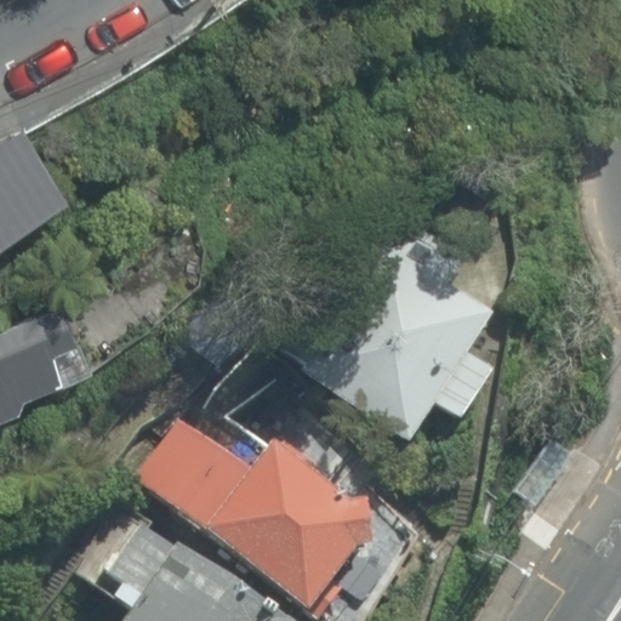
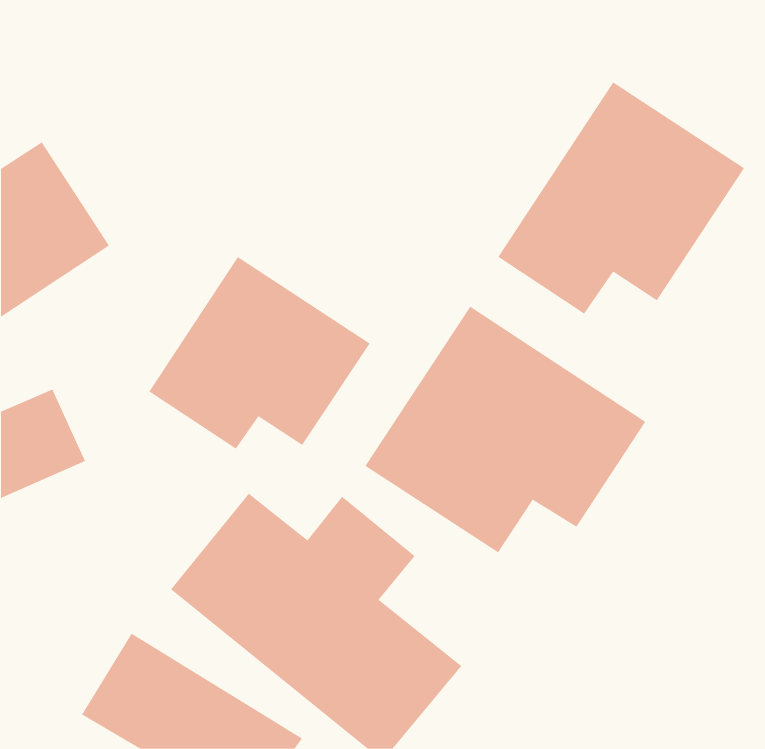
building: none -> [497,81,745,315]
building: none -> [149,256,370,450]

